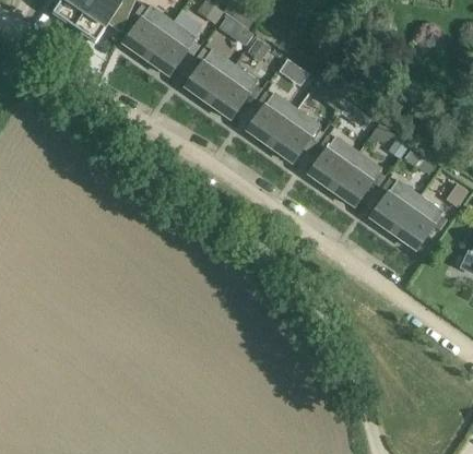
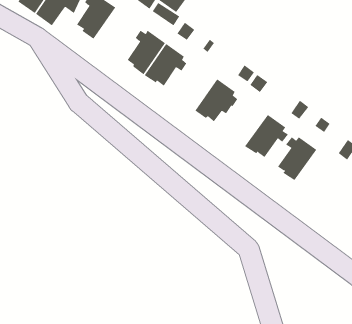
building: [145,21,199,74] -> none
building: [247,92,296,147] -> none
building: [309,135,358,191] -> none
building: [392,195,446,248] -> none

